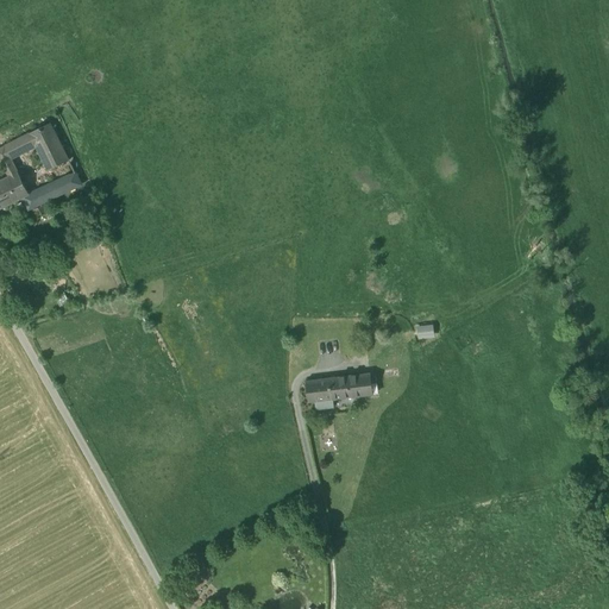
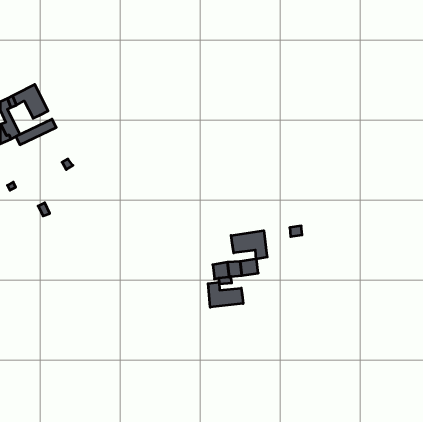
building: none -> [231,231,267,259]
building: none -> [208,282,243,307]

